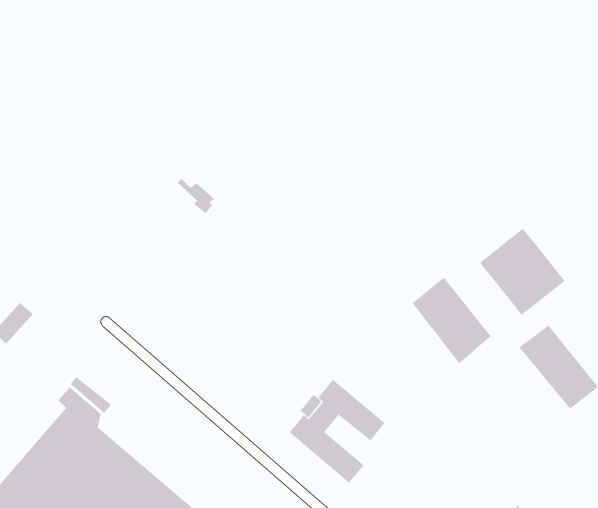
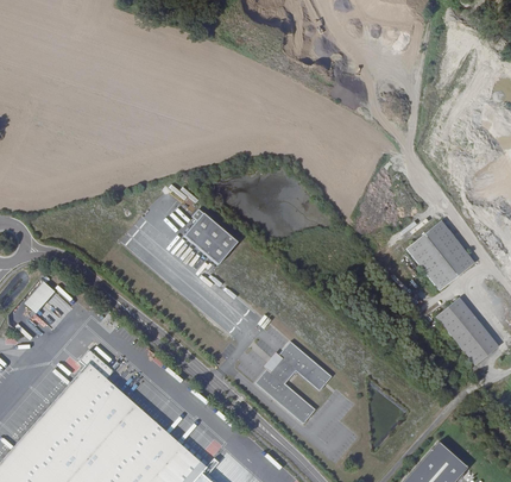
building: none -> [187,211,239,265]
building: [412,277,492,364] -> none

